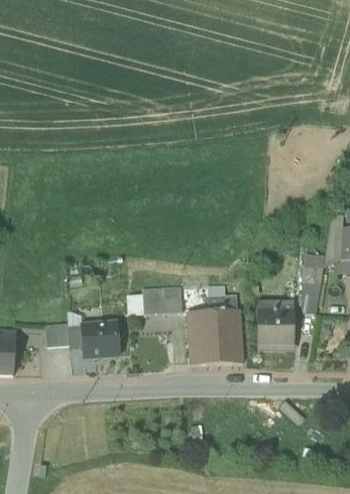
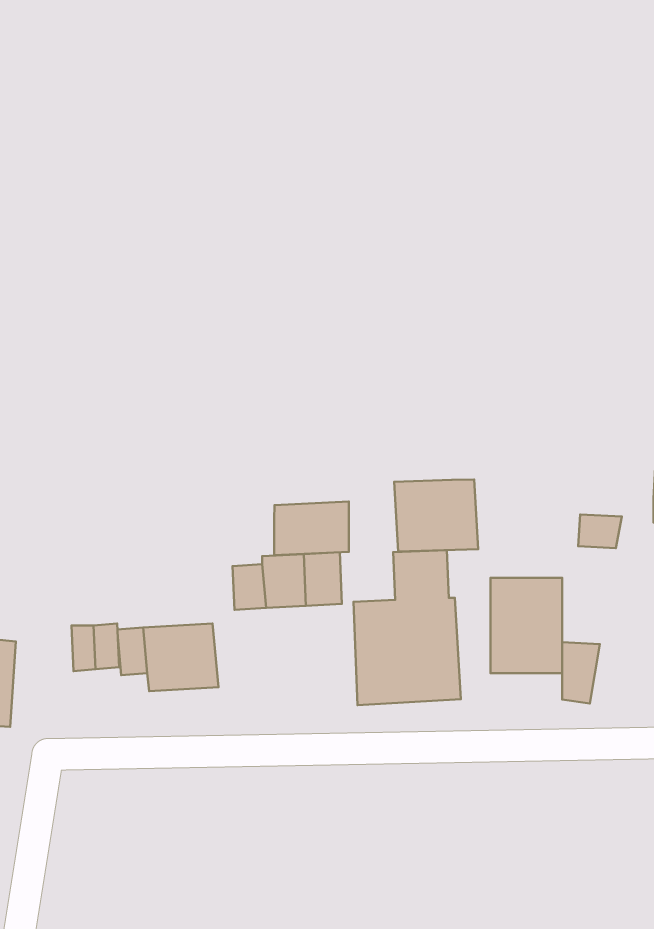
building: none -> [394,480,478,552]
building: none -> [274,502,349,555]
building: [302,283,321,315] -> [562,642,600,704]

